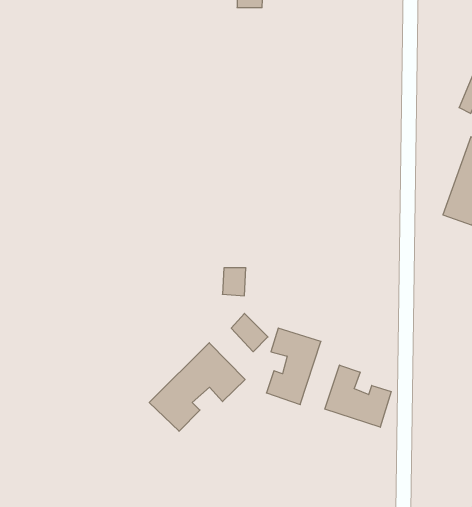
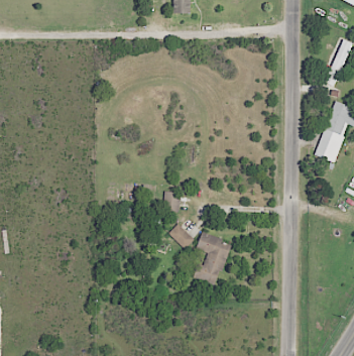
building: [149,343,245,431] -> none
building: [325,365,391,427] -> none

